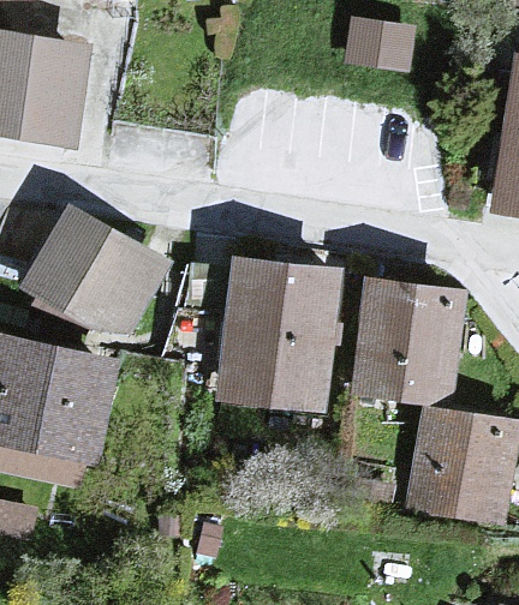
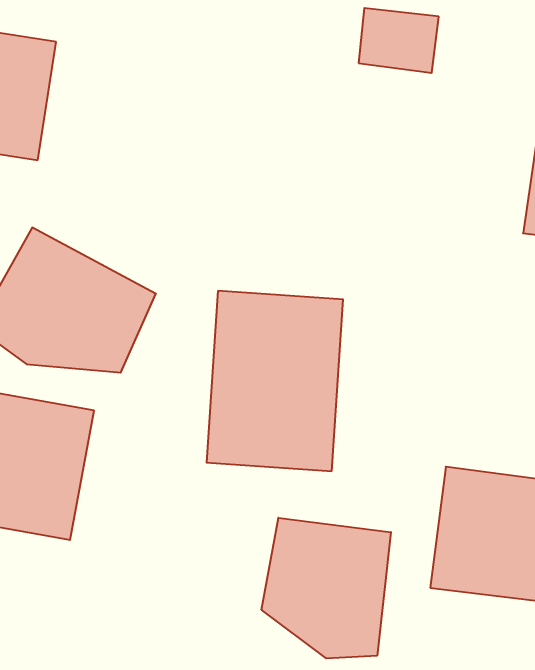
building: [357,283,461,403] -> none
building: none -> [262,518,391,658]

